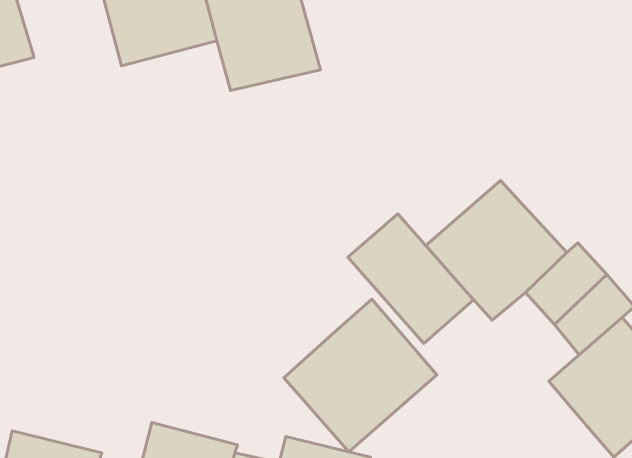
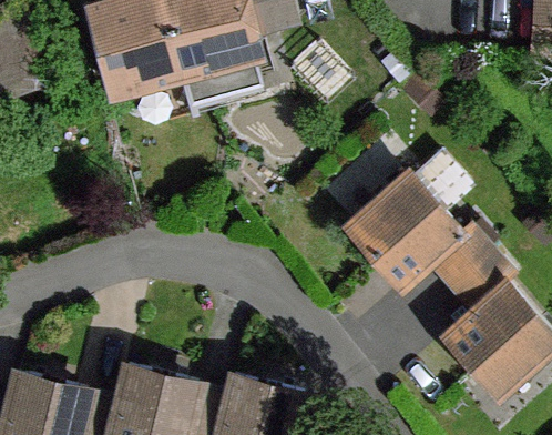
building: [348,214,473,343] -> none
building: [284,299,437,452] -> none

